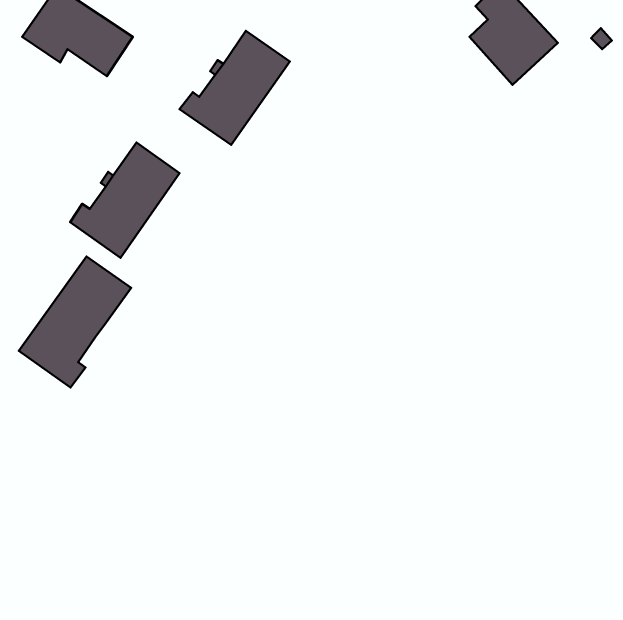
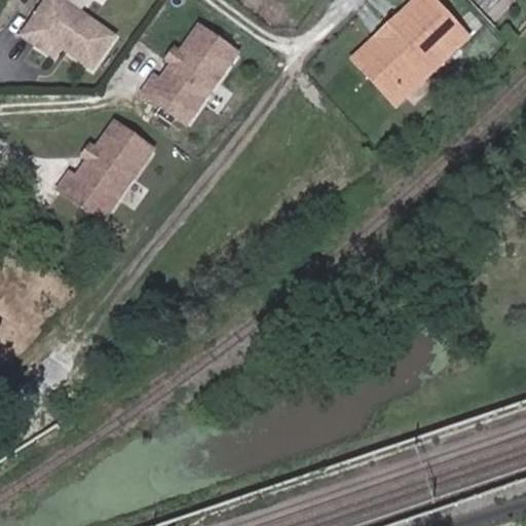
building: none -> [344,31,428,106]
building: [19,257,131,387] -> none

